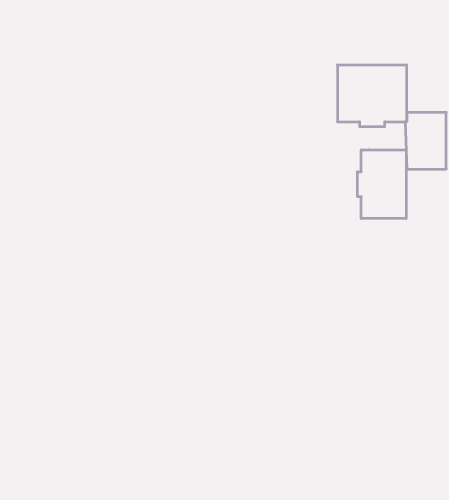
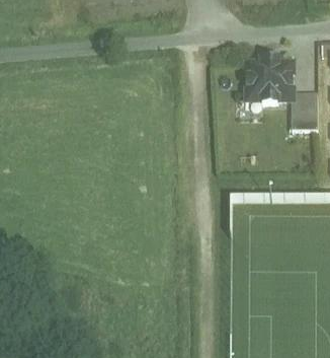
building: [357,150,406,219] -> none

